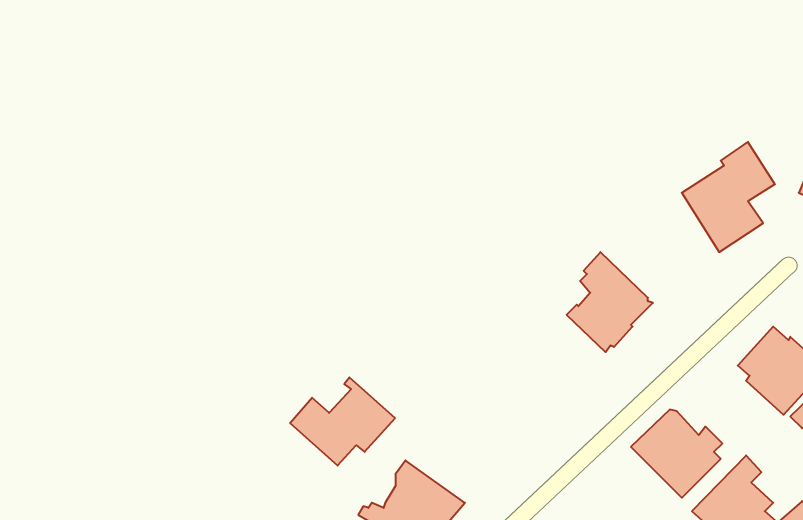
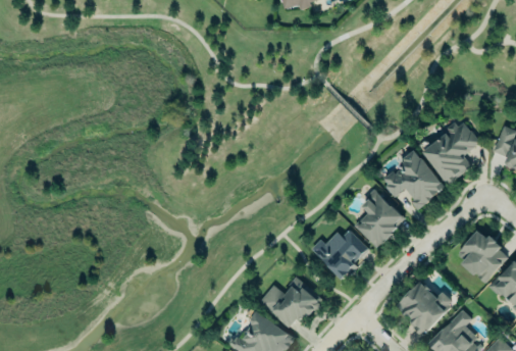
building: none -> [384,149,446,209]
building: none -> [309,229,368,278]
building: [290,377,395,466] -> [257,272,320,325]

